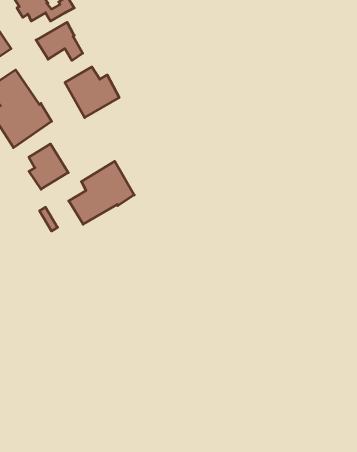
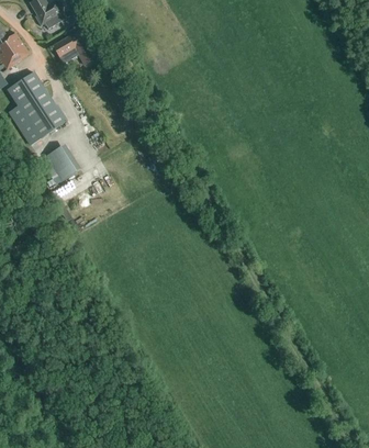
building: [65,67,119,118] -> none
building: [69,161,134,224] -> none

